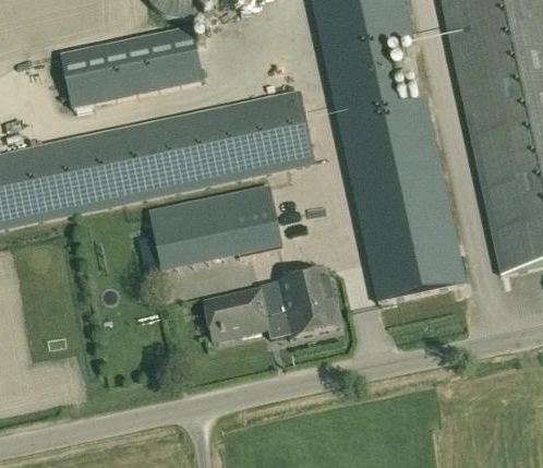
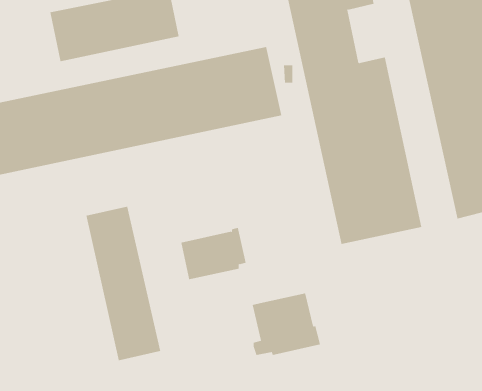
building: [149,184,283,273] -> none
building: none -> [86,206,161,361]
building: [268,269,342,337] -> [252,293,321,356]

